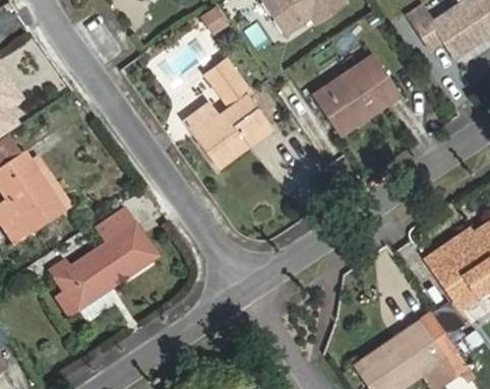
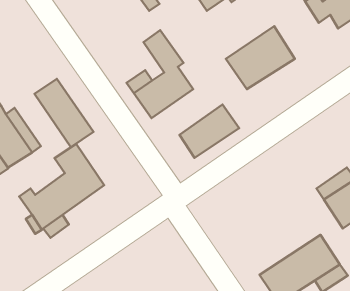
building: none -> [34,79,93,147]
building: none -> [180,105,239,158]

